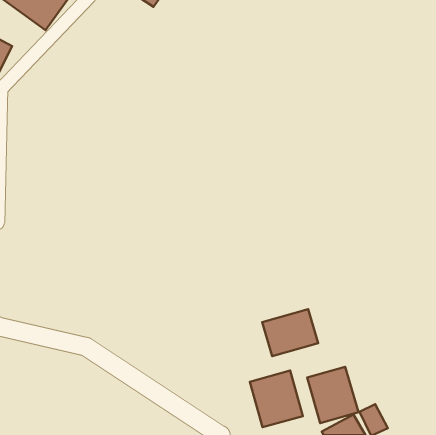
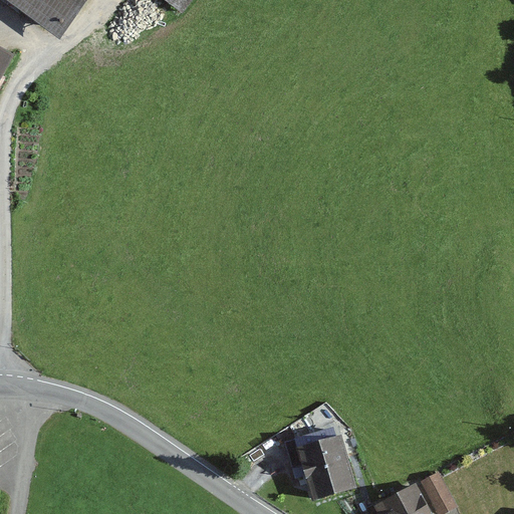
building: [262,309,318,356] -> none
building: [307,367,358,423] -> none

